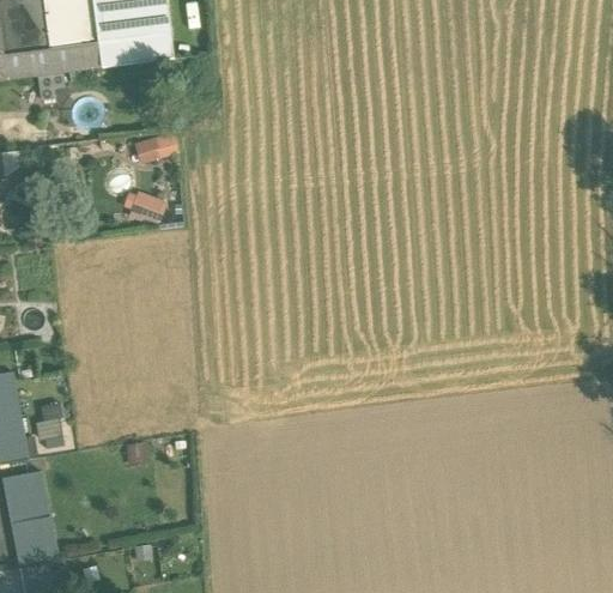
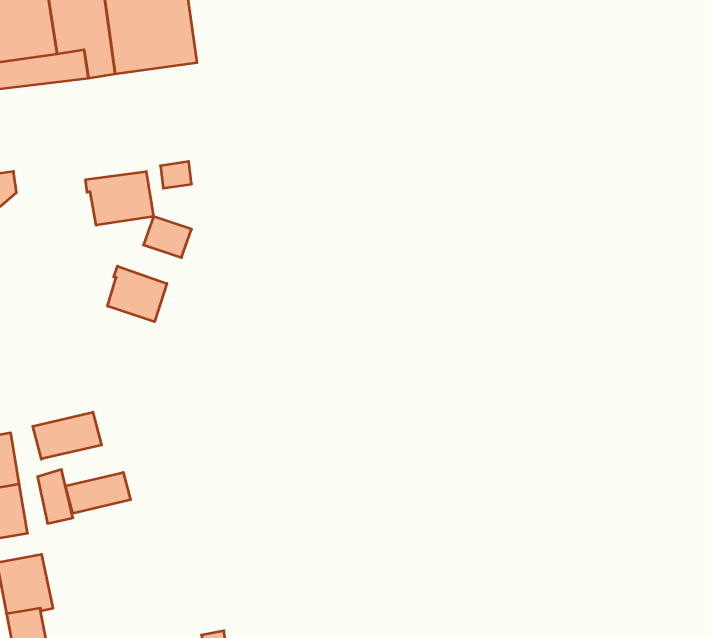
building: none -> [86,171,153,225]
building: none -> [108,266,167,322]
building: none -> [33,412,102,459]
building: none -> [65,472,131,513]

